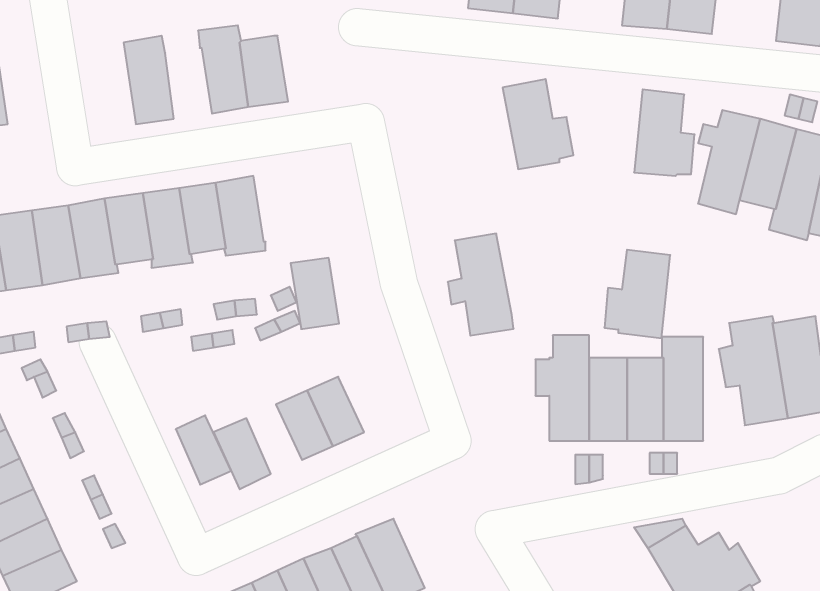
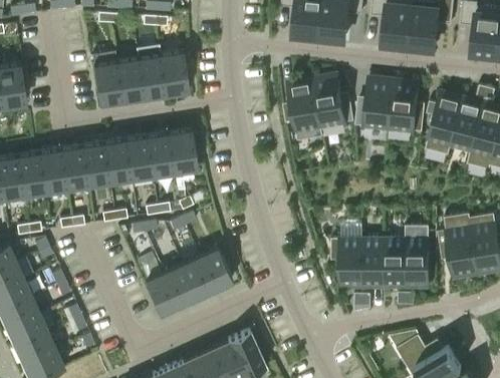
building: none -> [116,58,144,99]
building: [448,234,514,336] -> [284,81,322,140]
building: [604,250,670,338] -> [355,79,394,130]
building: [291,258,339,329] -> [168,129,196,170]
building: [176,415,231,485] -> [164,265,196,305]

